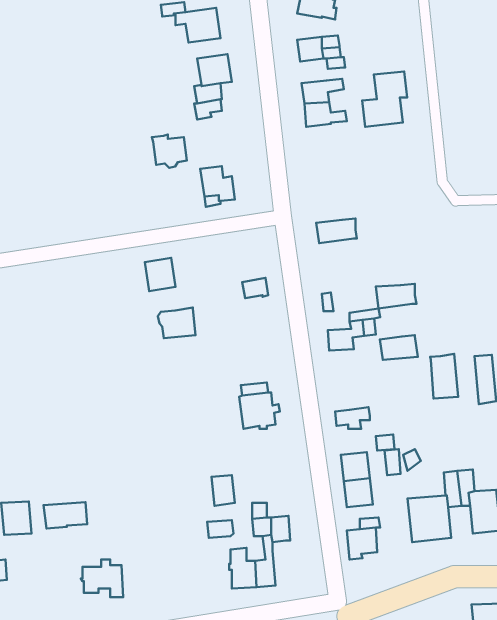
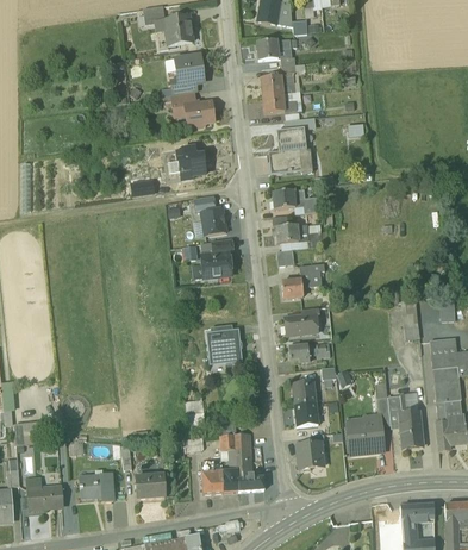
building: [362,72,407,127] -> [269,127,306,173]
building: [152,134,187,168] -> [186,99,214,126]
building: [145,258,175,291] -> [201,207,226,235]
building: [376,284,416,308] -> [276,223,310,243]
building: [158,308,196,338] -> [200,251,231,276]
building: [380,335,418,360] -> [285,313,316,333]
building: [430,354,458,398] -> none
building: [44,502,87,528] -> [27,486,63,507]
building: none -> [237,460,264,489]
building: none -> [137,474,166,496]

